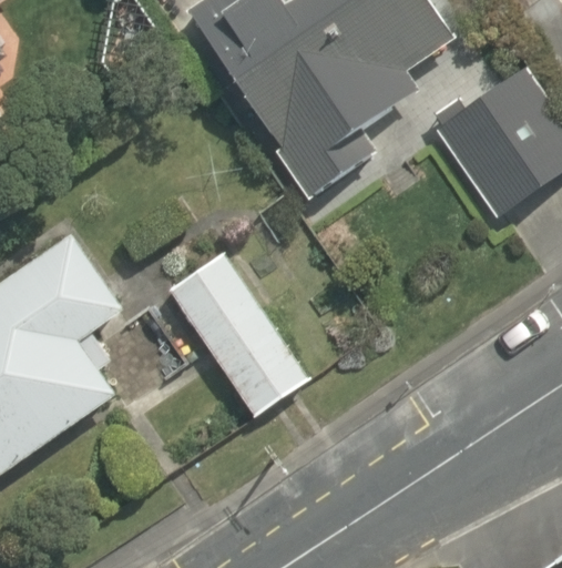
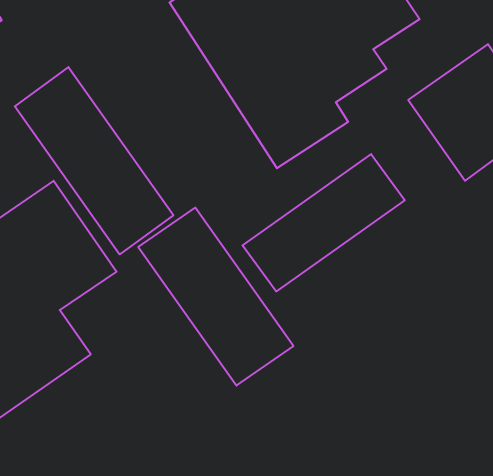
building: none -> [15,67,173,254]
building: none -> [242,154,405,291]

